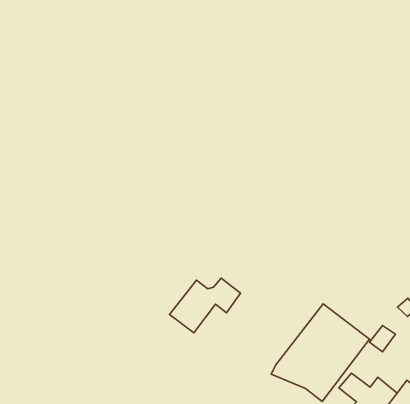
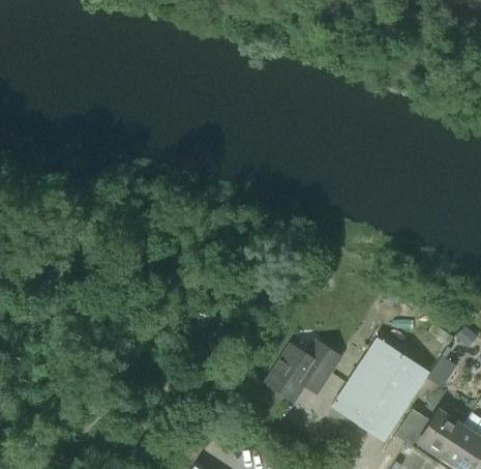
building: [170,278,241,333] -> [266,342,339,402]

